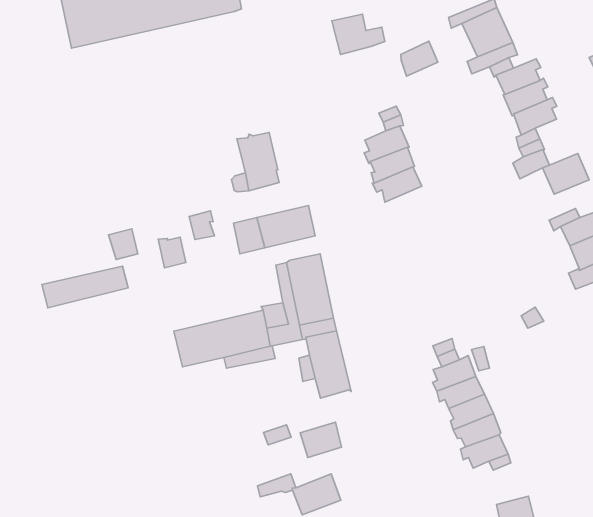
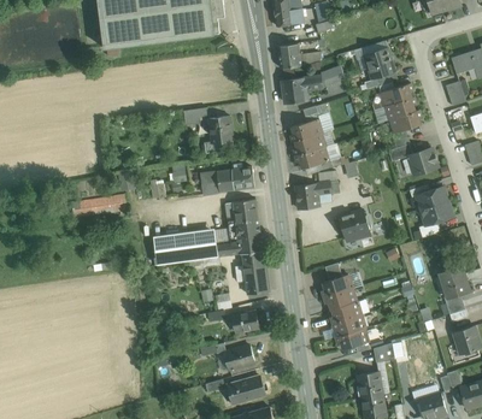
building: none -> [282,76,323,102]
building: none -> [295,182,330,210]
building: none -> [339,210,369,241]

